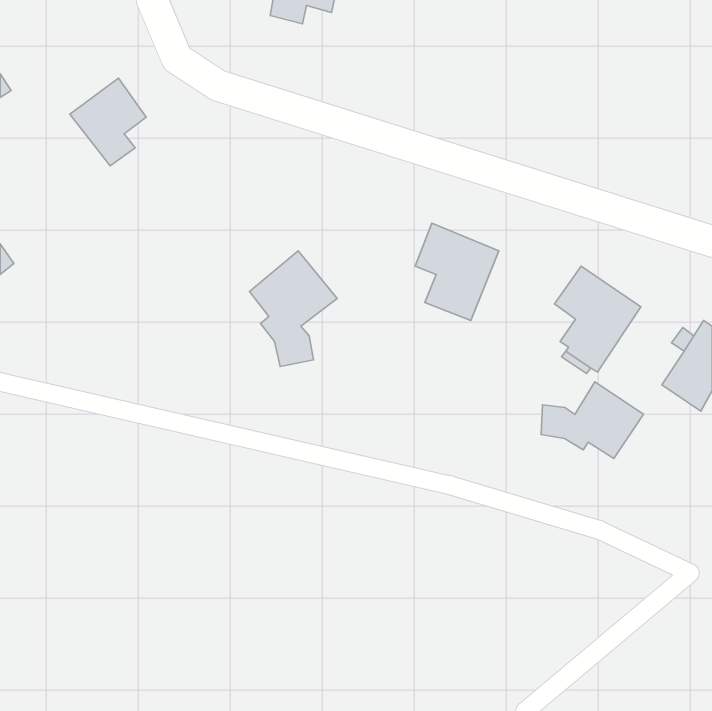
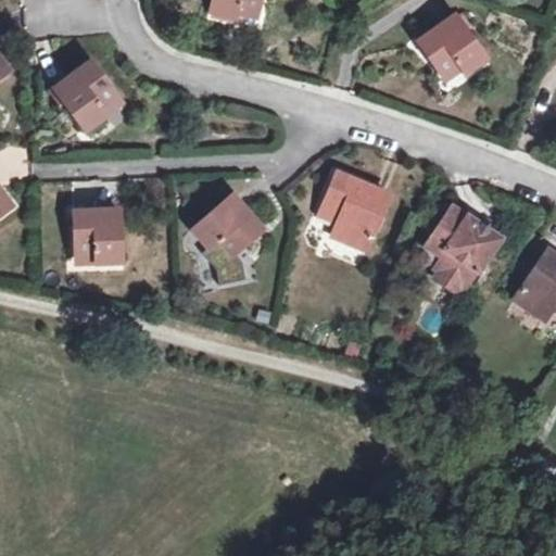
building: none -> [418,15,484,72]
building: none -> [73,211,119,258]
building: [541,382,643,458] -> none

